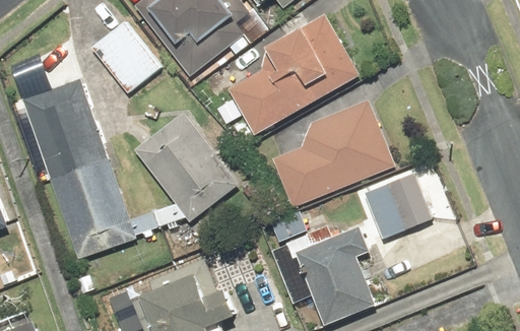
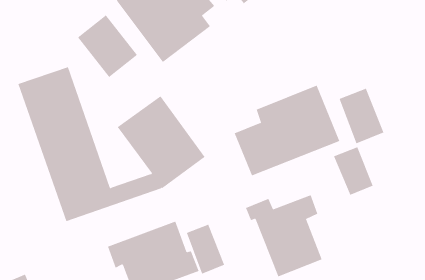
building: [228,14,361,135] -> none
building: none -> [339,88,384,144]
building: none -> [186,224,225,274]

